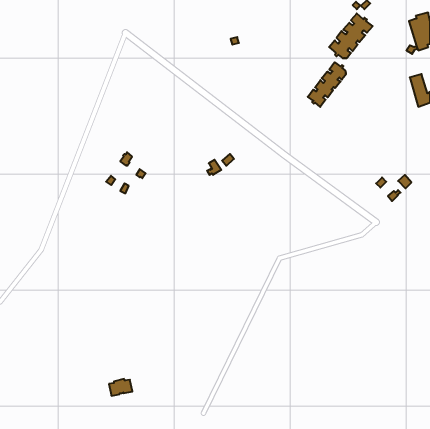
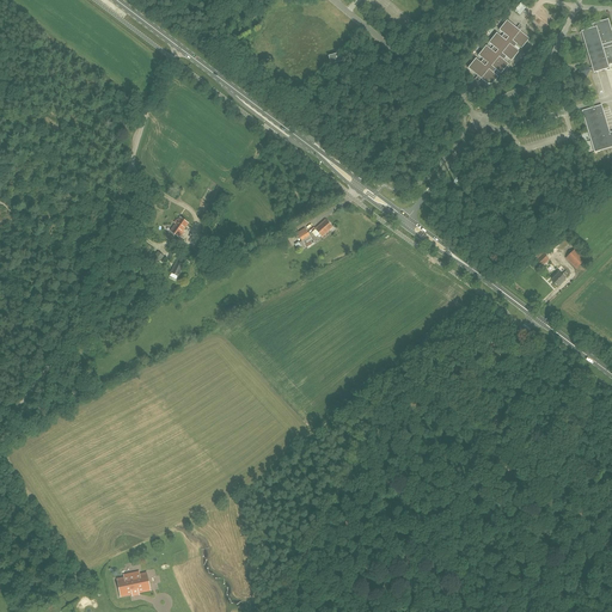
building: [308,62,346,107] -> none
building: [109,379,132,396] -> [117,571,151,595]

